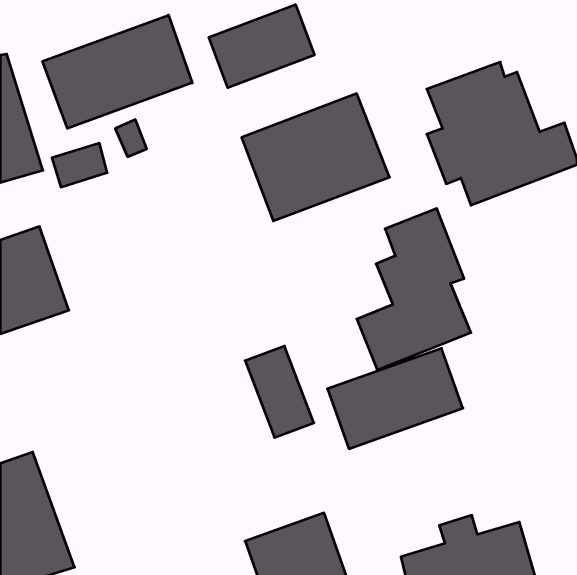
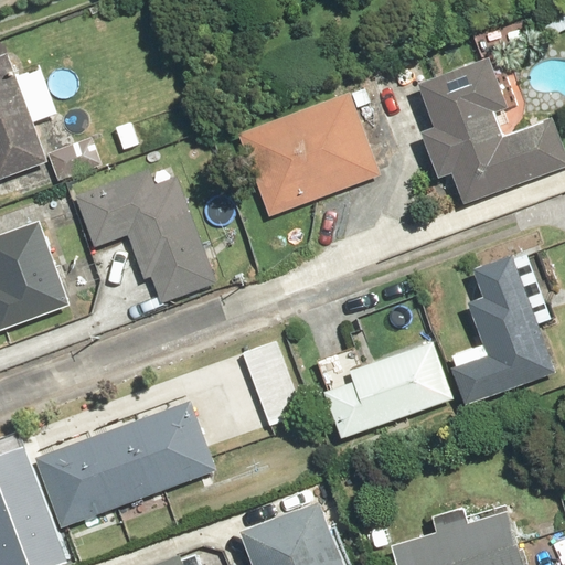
building: [209,5,314,88] -> none
building: [43,15,192,128] -> none
building: none -> [76,171,215,302]
building: [357,209,471,370] -> [445,250,556,408]
building: none -> [40,399,217,521]

